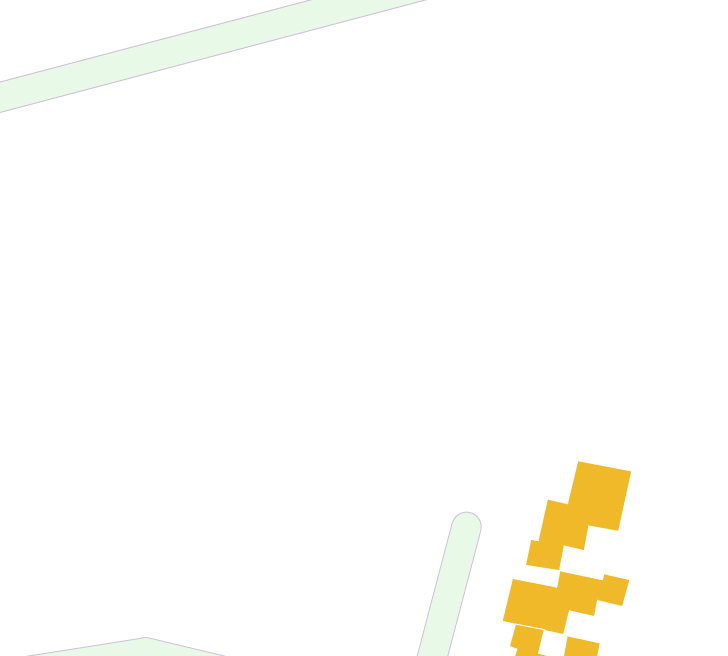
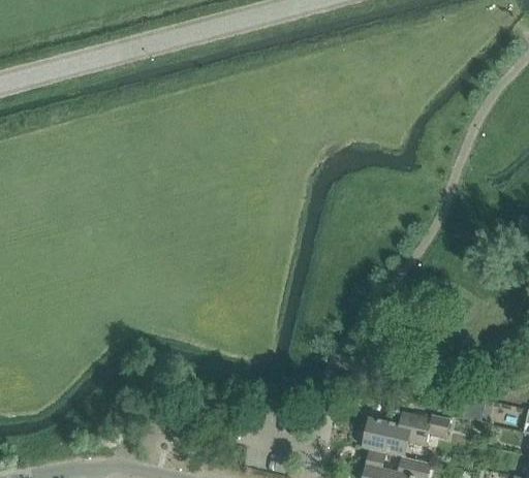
building: [525,460,632,571] -> none

